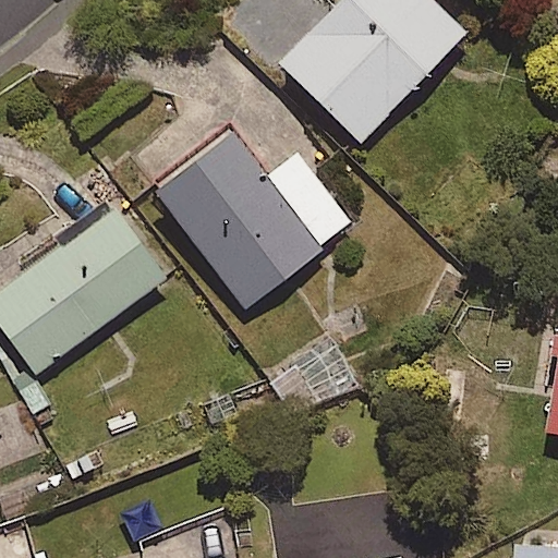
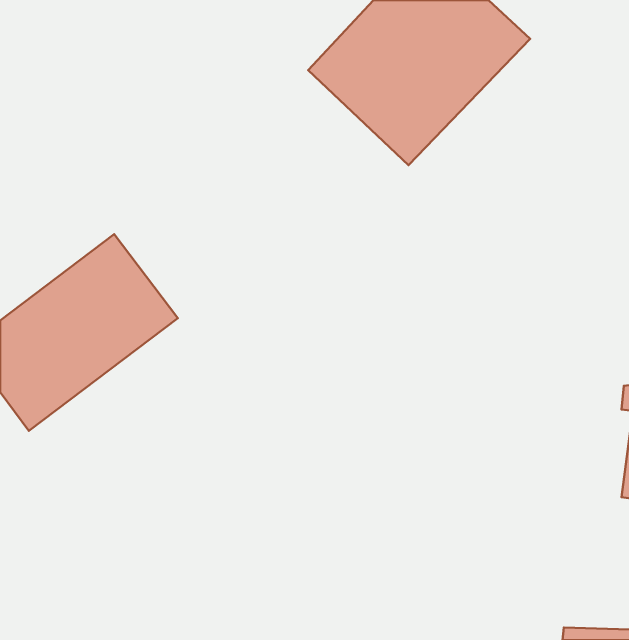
building: [153,130,352,314] -> none

